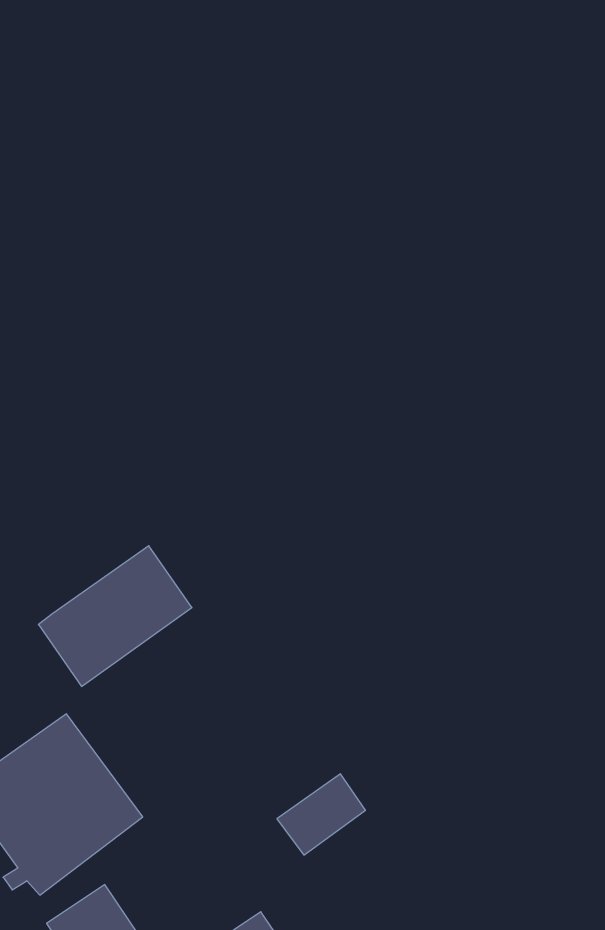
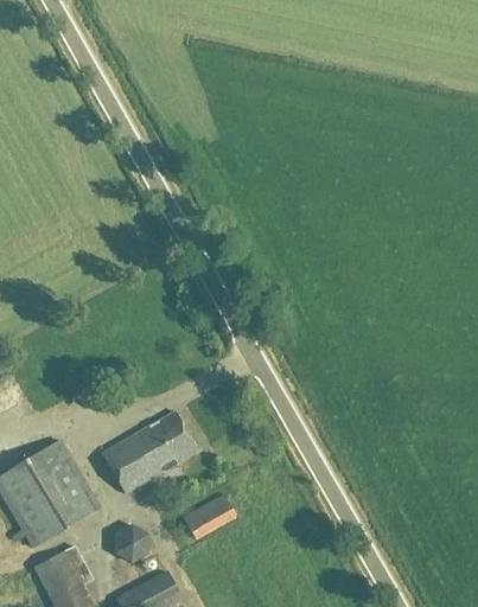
building: [38,546,192,686] -> [102,411,197,493]
building: none -> [113,528,147,566]

